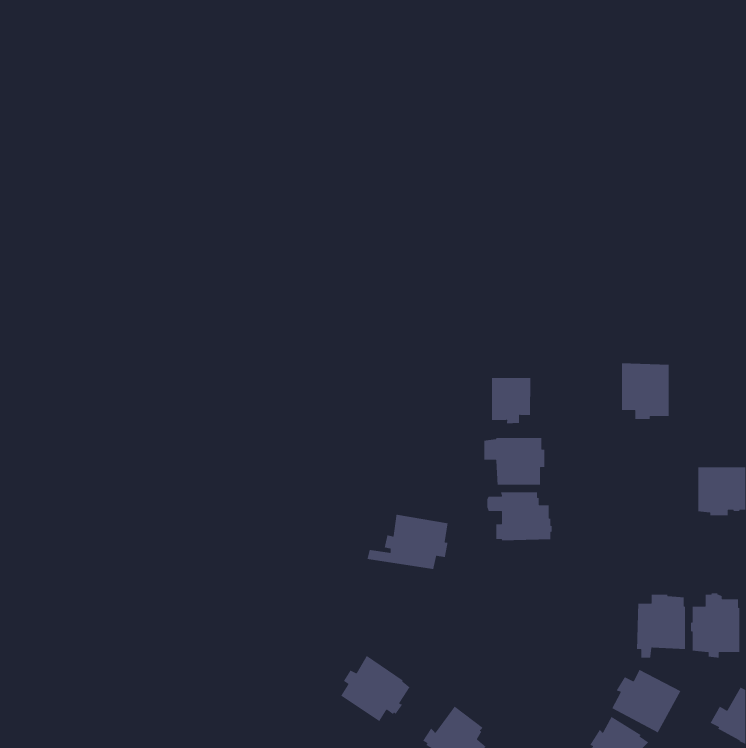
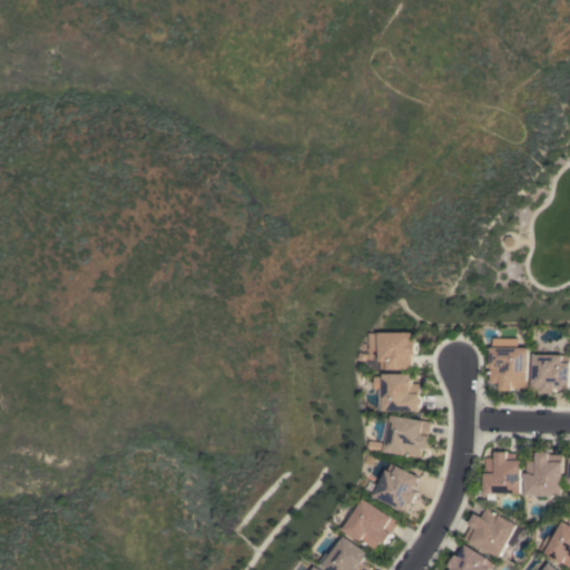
building: [621,363,670,420] -> [489,347,525,391]
building: [491,377,531,424] -> none
building: [366,514,448,570] -> [367,415,430,458]
building: none -> [366,463,420,512]
building: [340,655,410,722] -> [344,499,397,550]

